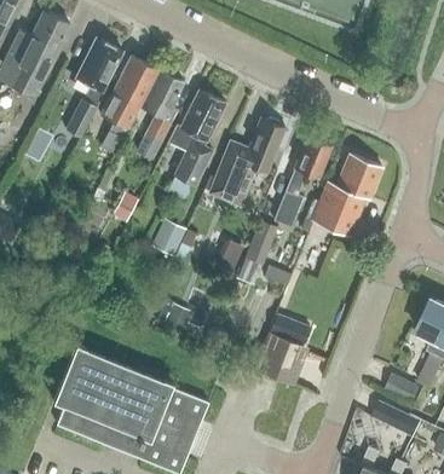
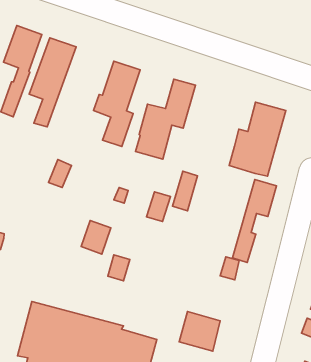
building: [138,70,184,158] -> none
building: [273,137,331,227] -> [232,180,276,263]
building: [150,218,185,256] -> [81,220,111,254]
building: [254,335,302,382] -> [179,311,220,351]

